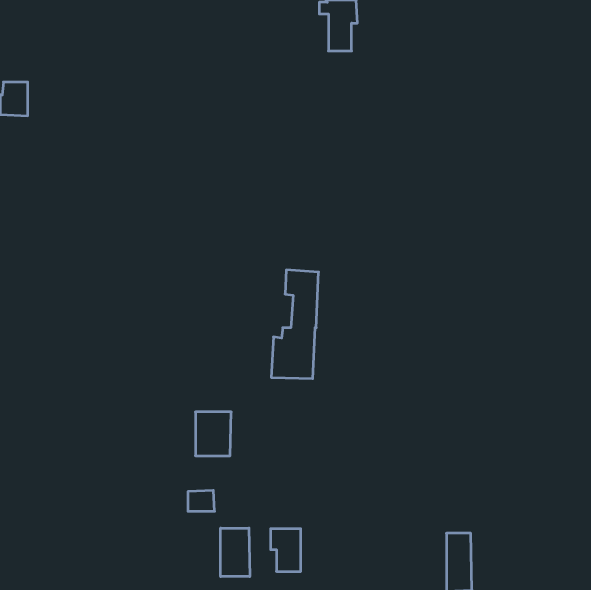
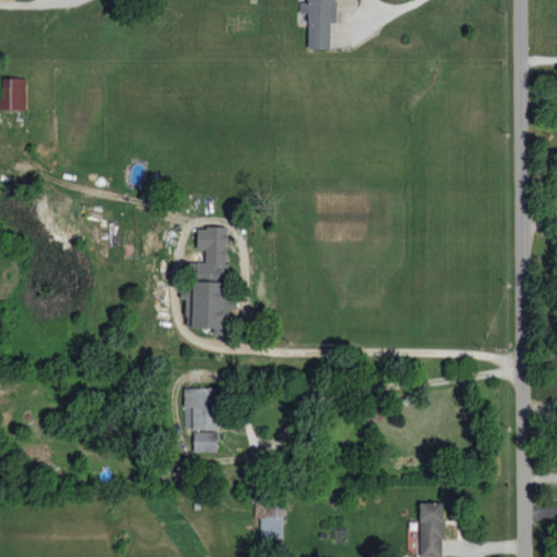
building: [271,270,319,379] -> [184,226,228,329]
building: [188,490,215,511] -> [193,432,218,451]
building: [221,528,250,577] -> none

